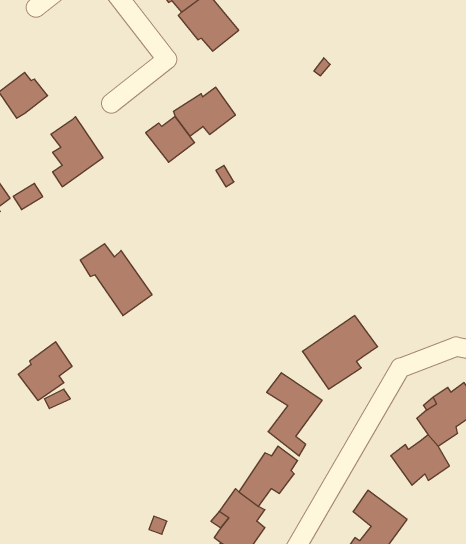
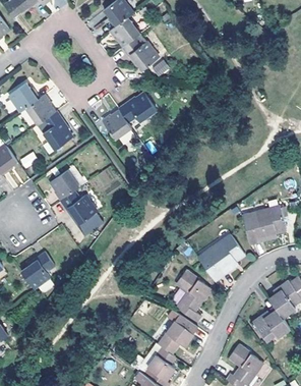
building: none -> [25,94,55,125]
building: none -> [50,171,79,201]
building: none -> [242,207,288,243]

